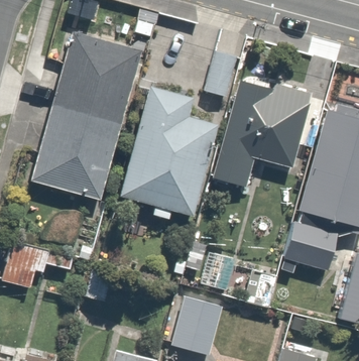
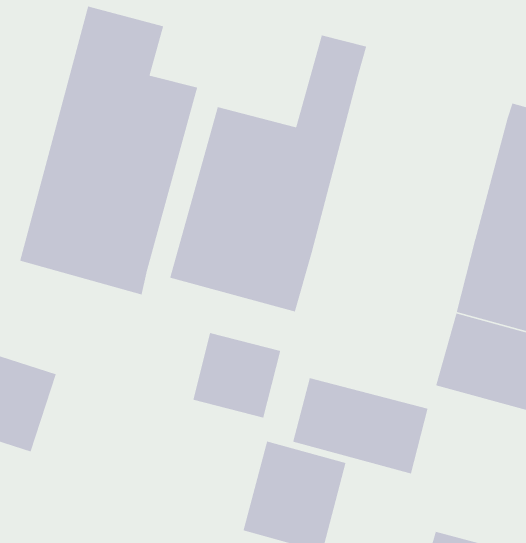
building: [207,75,322,186] -> none
building: none -> [192,332,281,419]

